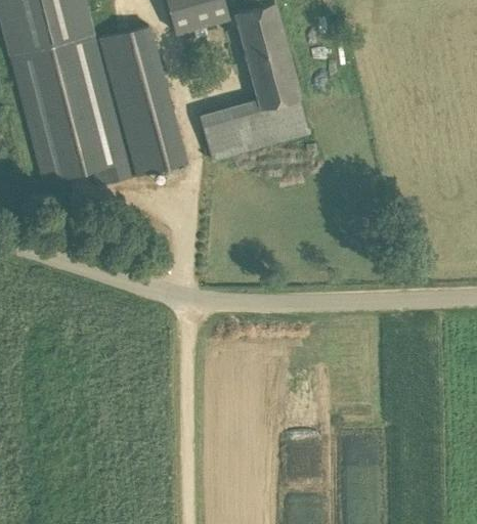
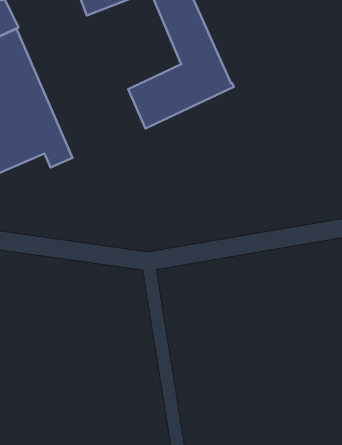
building: [98,26,186,176] -> none

